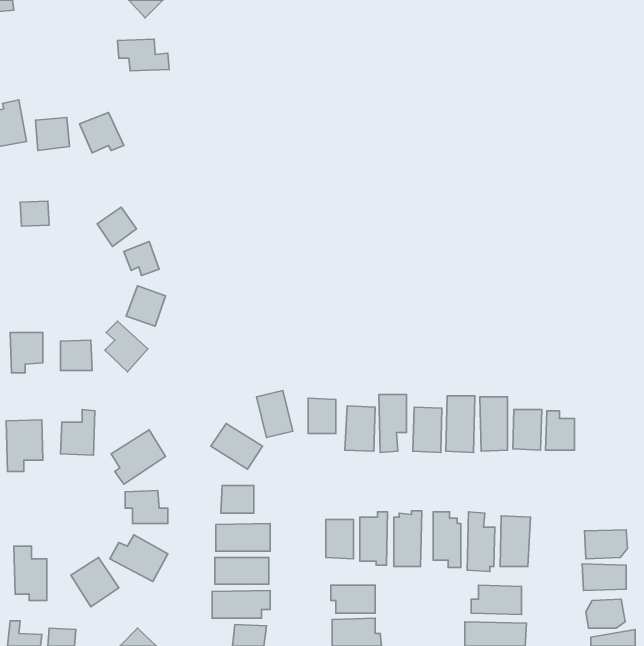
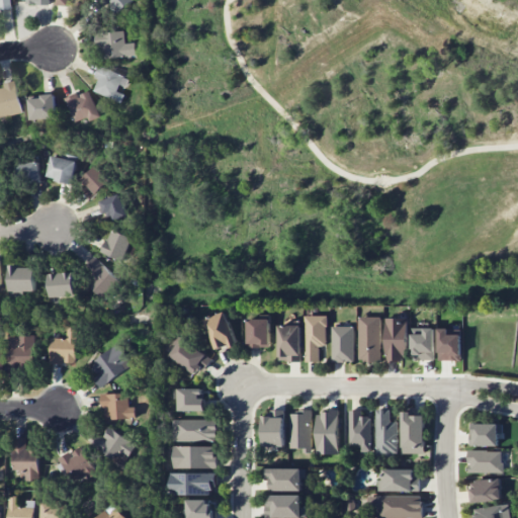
building: none -> [92,65,124,103]
building: none -> [46,155,76,184]

